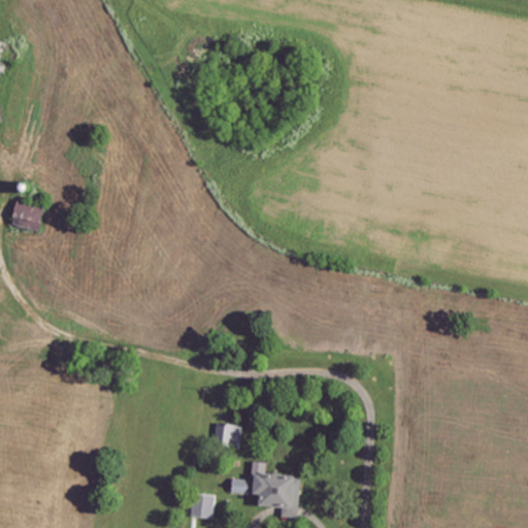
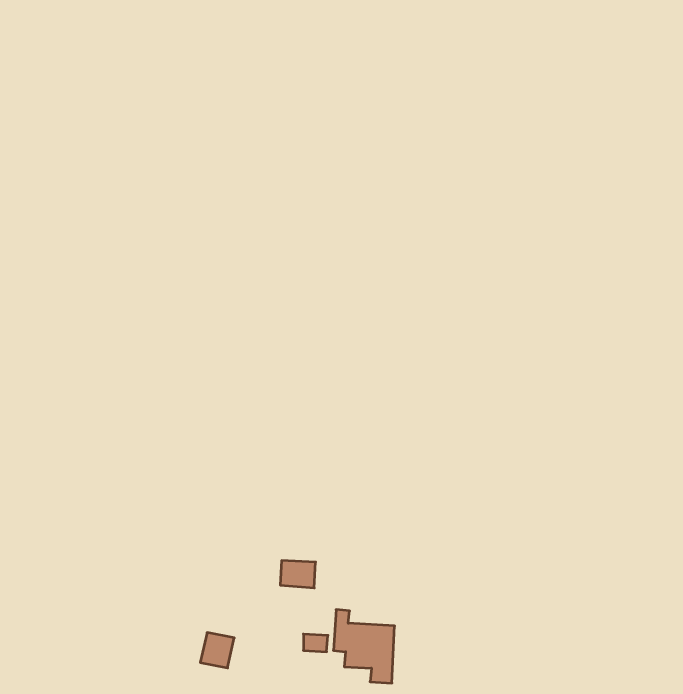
building: [11,203,44,232] -> none
building: [188,492,213,519] -> [200,633,234,668]

